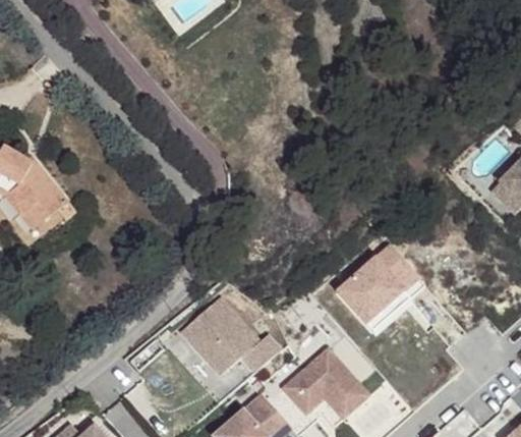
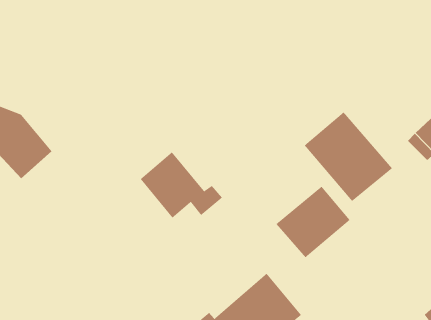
building: none -> [304,112,393,202]
building: [181,295,278,374] -> [140,151,223,218]

